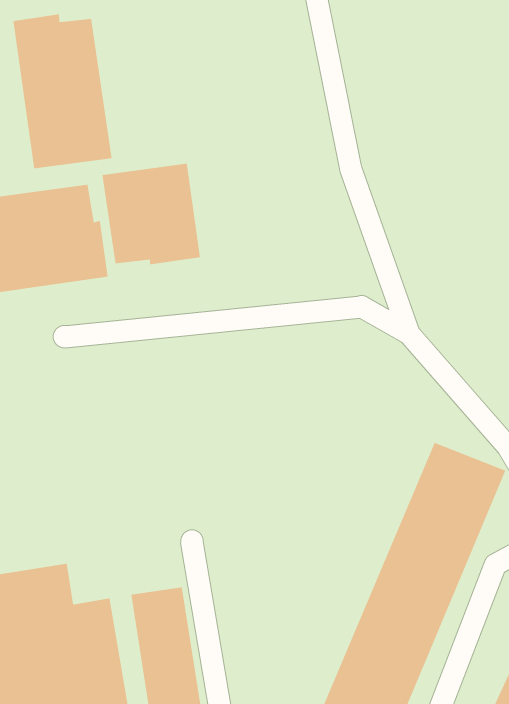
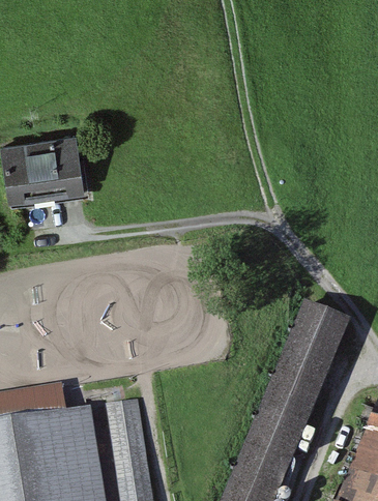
building: [13,14,112,169] -> none
building: [102,163,201,265] -> none

